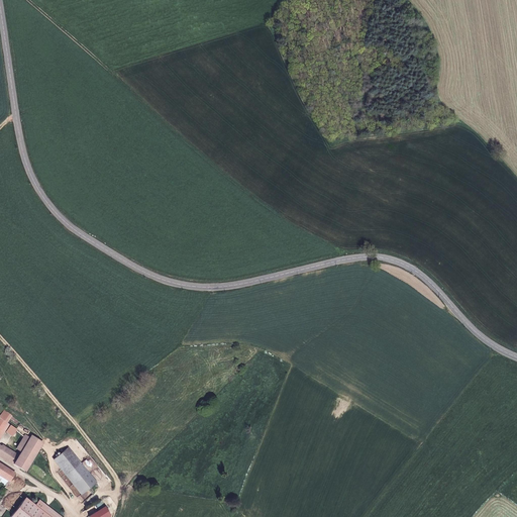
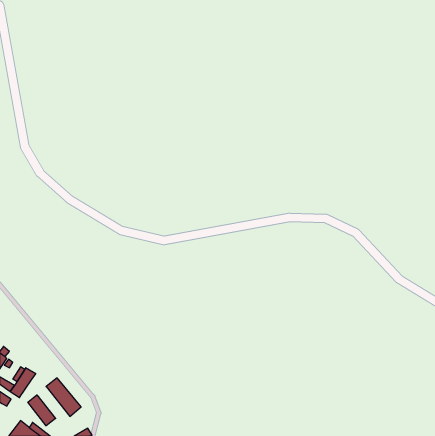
building: none -> [28,395,56,426]

